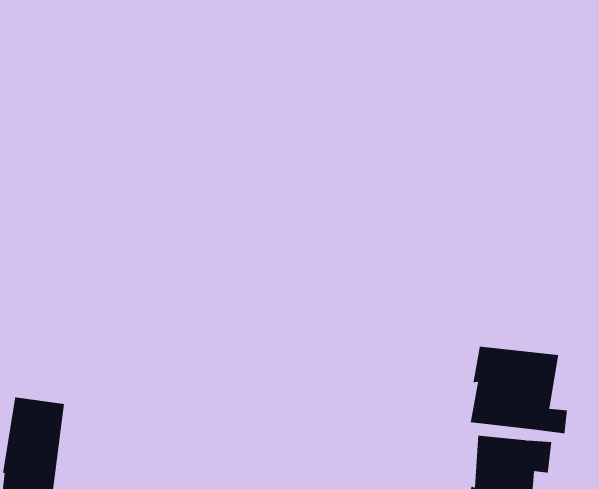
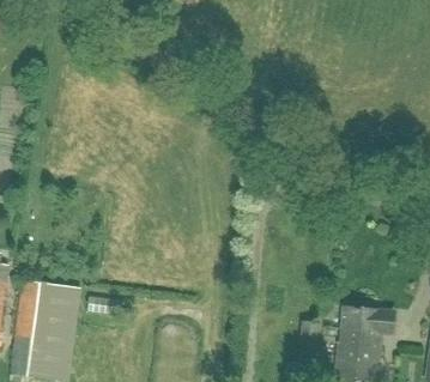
building: [470,346,567,434] -> none

